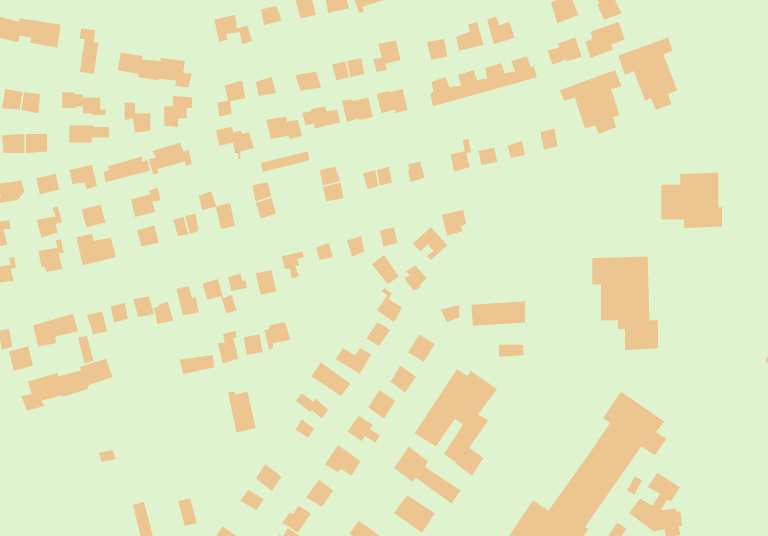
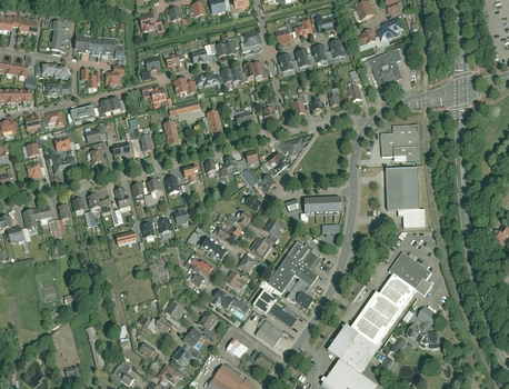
building: [617,36,678,111] -> none
building: [661,172,723,229] -> [380,126,420,162]
building: [20,358,114,412] -> none

